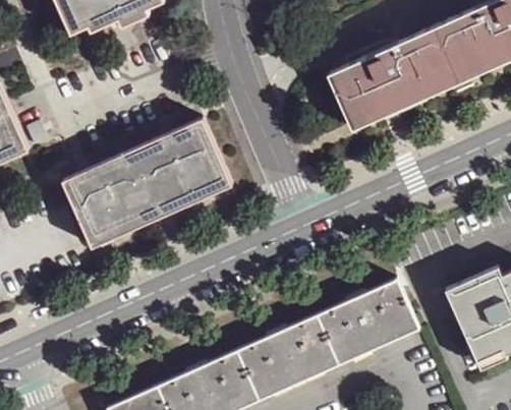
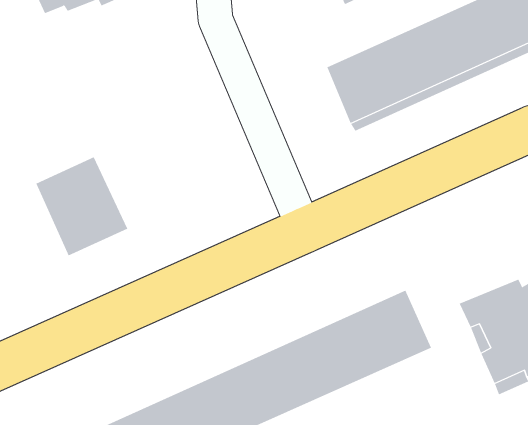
building: [61,118,232,224] -> none

